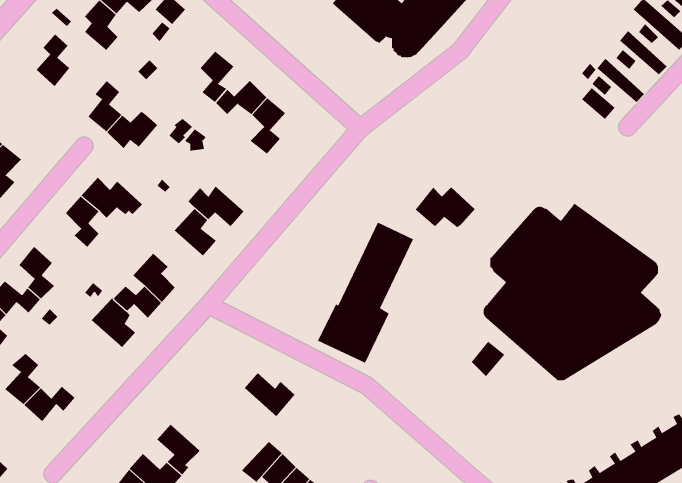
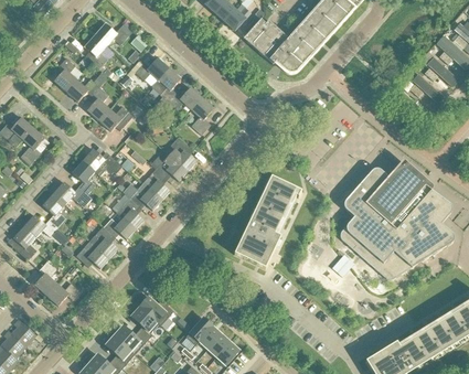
building: none -> [135,57,168,86]
building: none -> [65,72,107,101]
building: none -> [168,137,195,171]
building: [415,186,476,228] -> none
building: none -> [52,182,90,207]
building: none -> [121,183,160,210]
building: none -> [75,241,108,268]
building: [244,372,296,417] -> [139,297,172,325]

